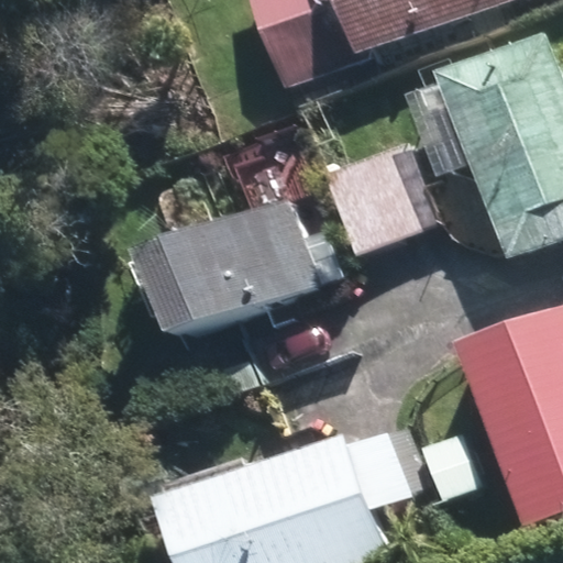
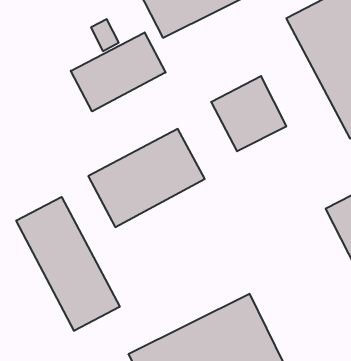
building: none -> [71,32,166,111]
building: none -> [16,197,120,331]

